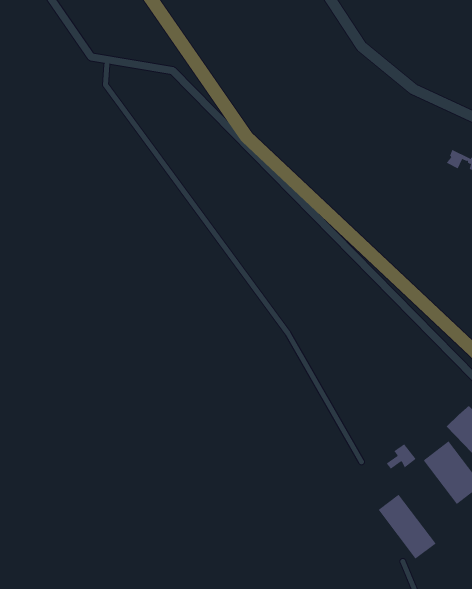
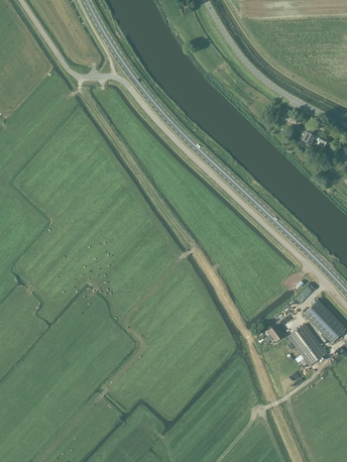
building: [378,494,436,559] -> none

